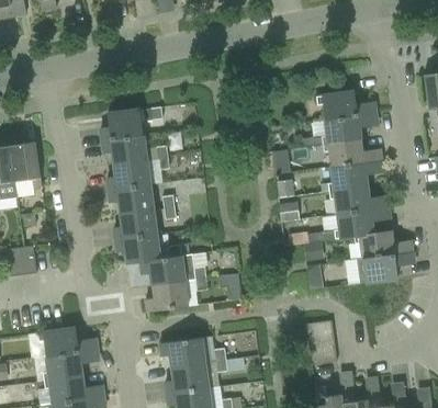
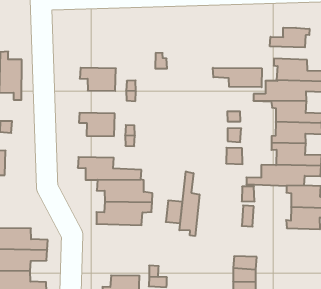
building: none -> [270,28,309,47]
building: [101,106,164,140] -> none
building: none -> [213,68,262,87]
building: [108,160,149,191] -> none
building: [114,211,156,240] -> none
building: none -> [179,171,199,236]
building: [161,338,205,366] -> none

